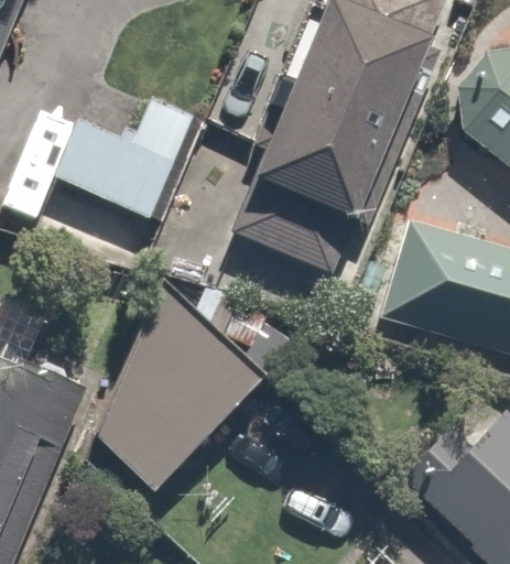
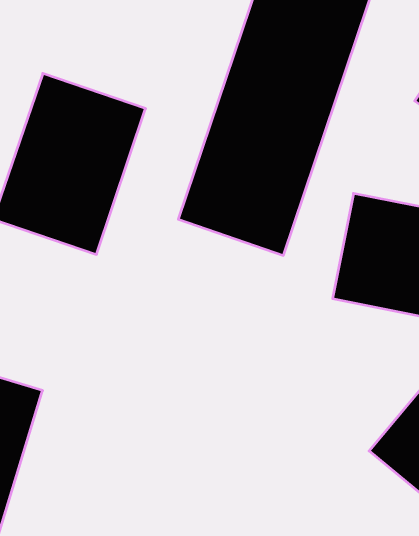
building: [100,280,258,486] -> none

